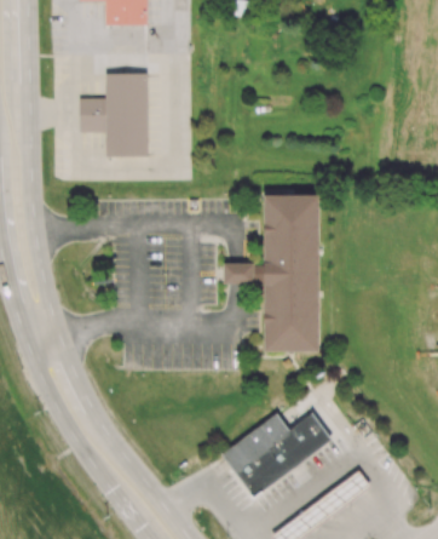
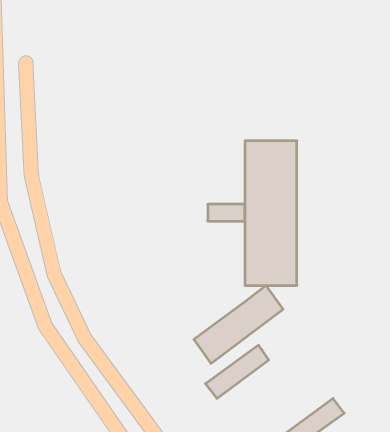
building: [79,73,148,156] -> none
building: [234,413,329,497] -> [194,285,283,363]

